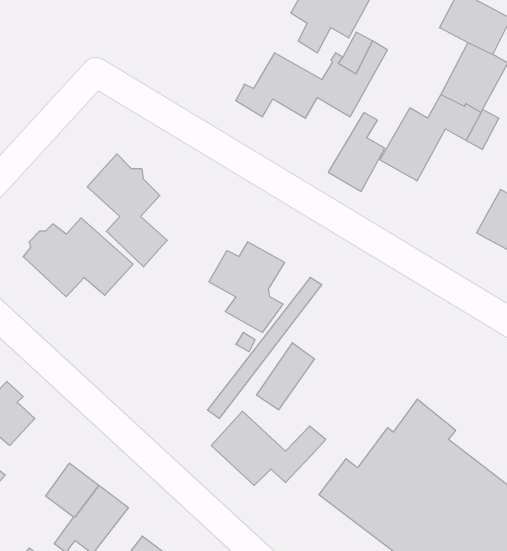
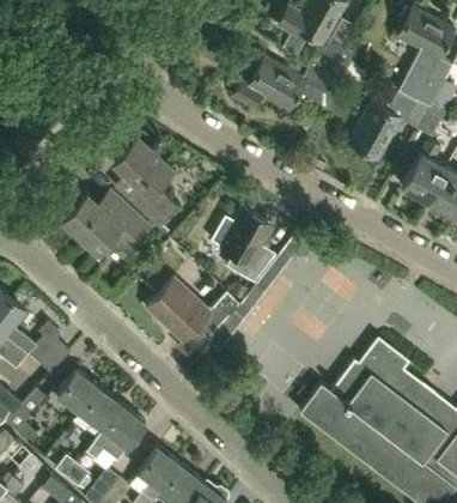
building: [328,113,385,191] -> [401,139,446,202]
building: [211,411,326,485] -> [148,280,240,340]
building: none -> [57,371,99,414]

